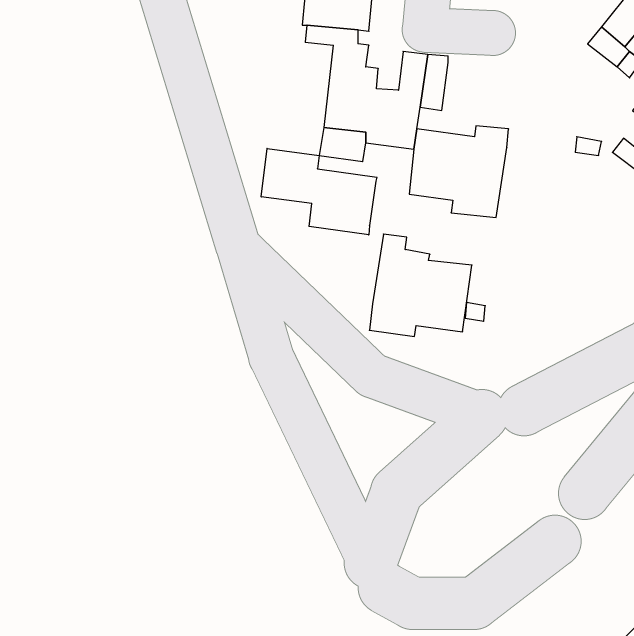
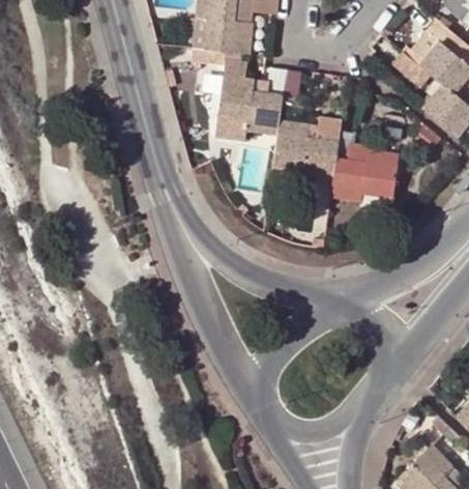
building: [261,148,377,235] -> none
building: [369,234,472,336] -> [331,132,400,200]

